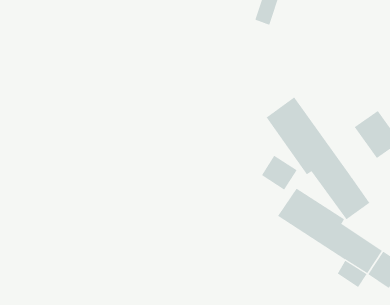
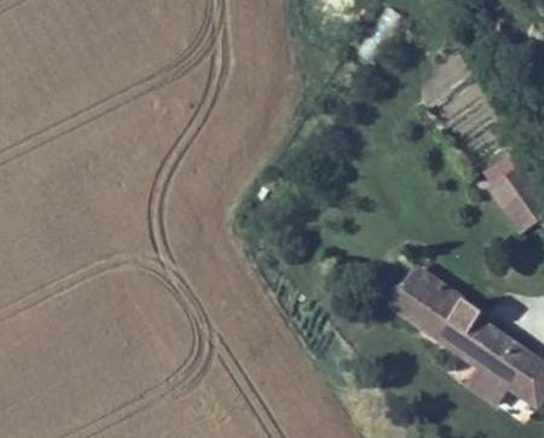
building: [266,96,370,220] -> none
building: [261,155,297,191] -> none

